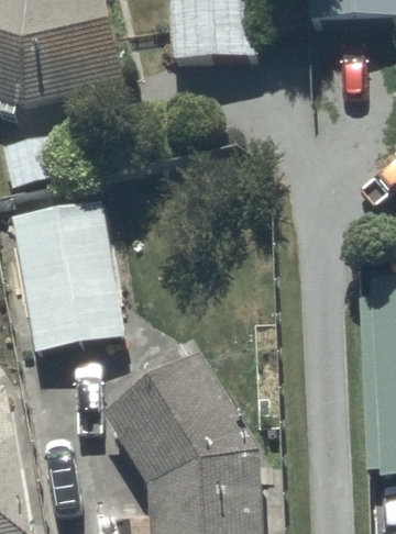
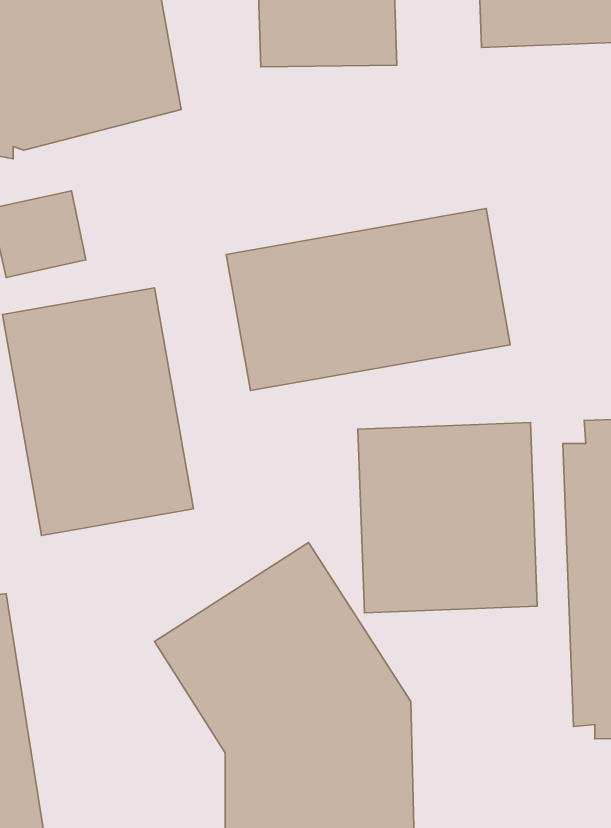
building: none -> [226,209,510,391]
building: none -> [358,423,537,613]

